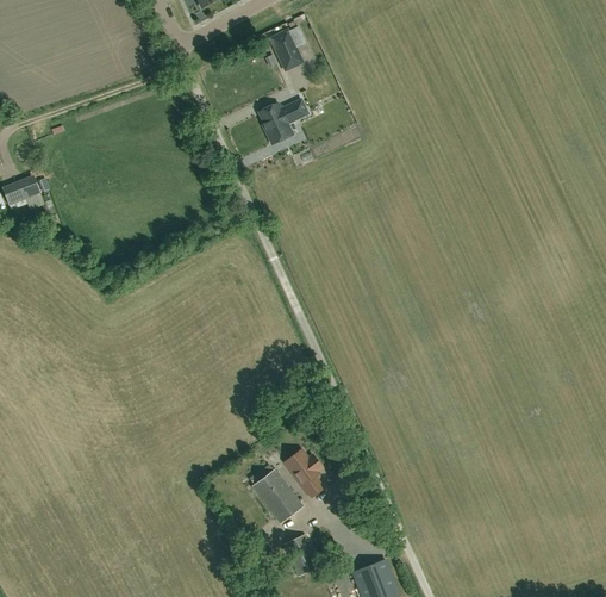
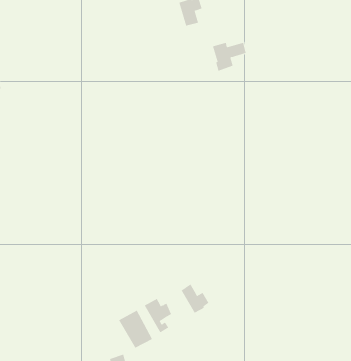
building: [258,99,307,144] -> [212,42,247,71]
building: none -> [181,284,209,313]

